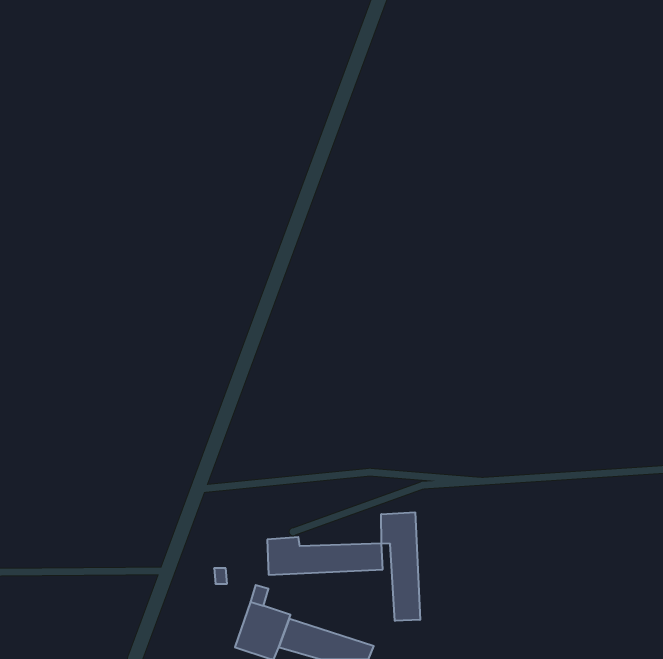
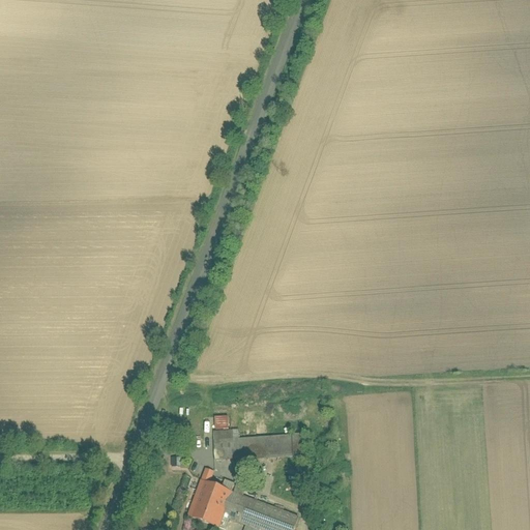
building: [381,512,420,621] -> none

